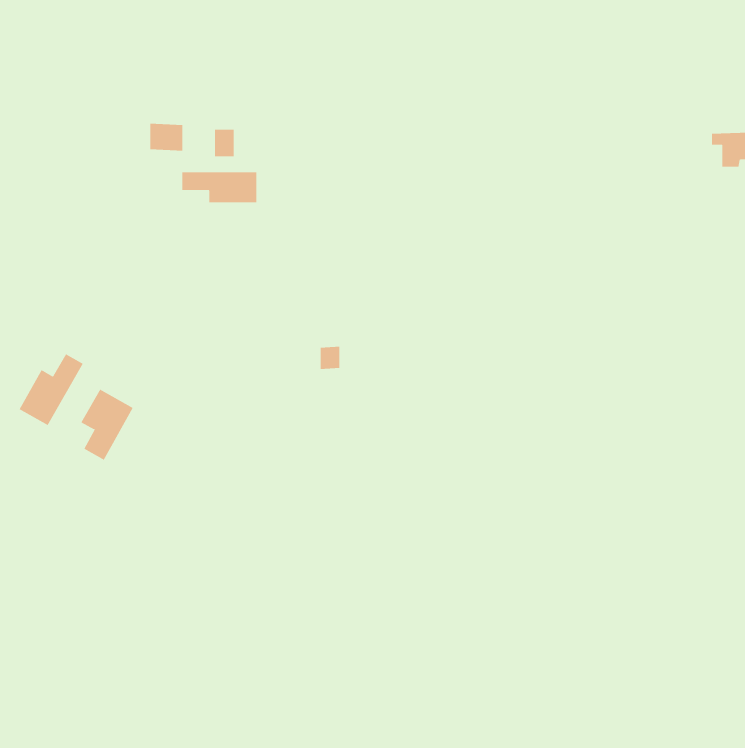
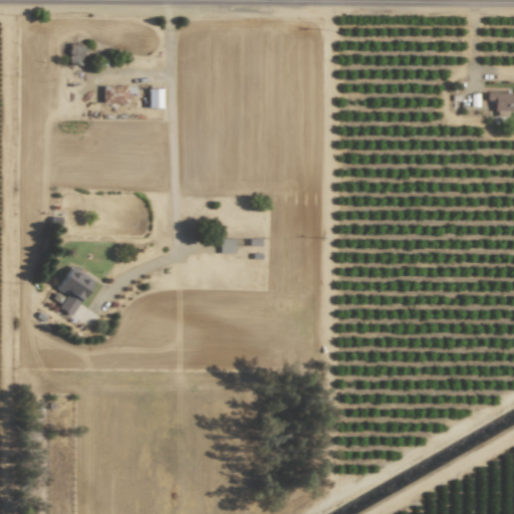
building: [182,171,257,203] -> none
building: [19,354,84,426] -> none

